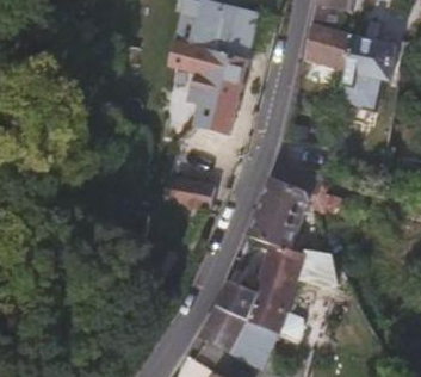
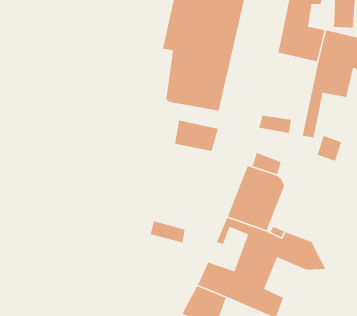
building: [173,172,221,206] -> [174,119,219,152]

